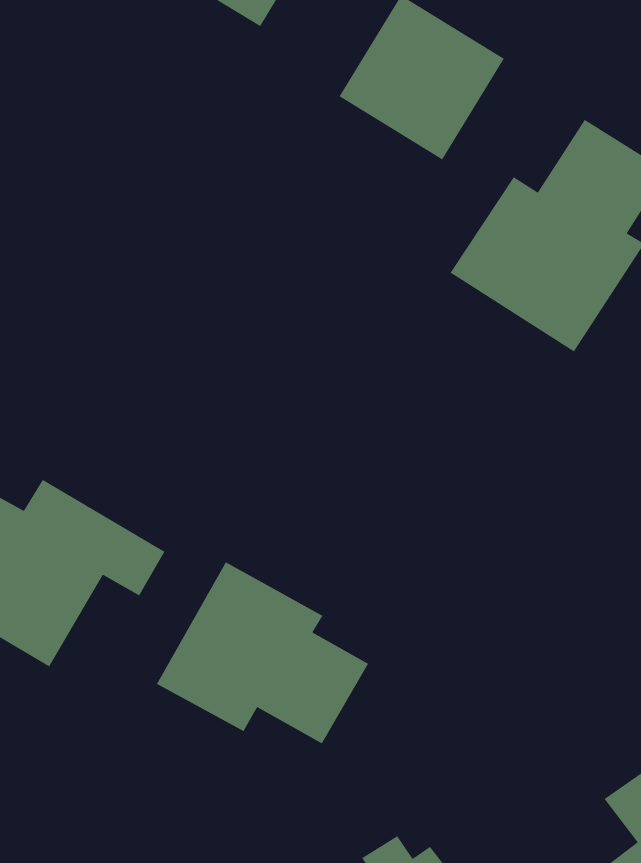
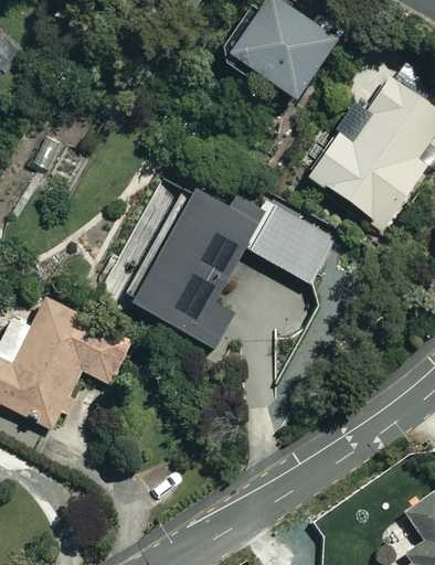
building: none -> [124,186,298,349]
building: [156,561,369,745] -> none

